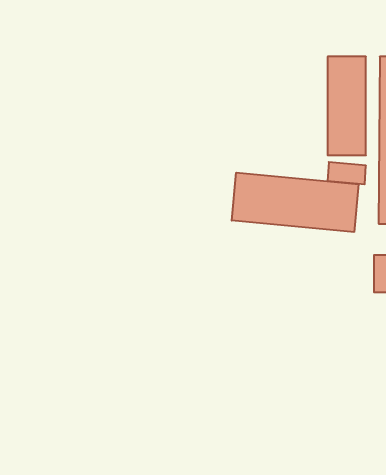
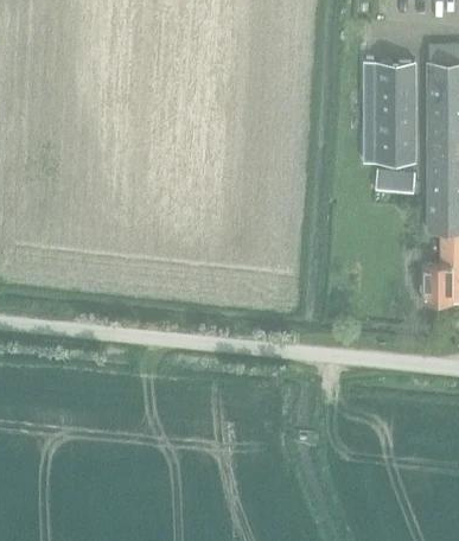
building: [232,173,359,232] -> none

